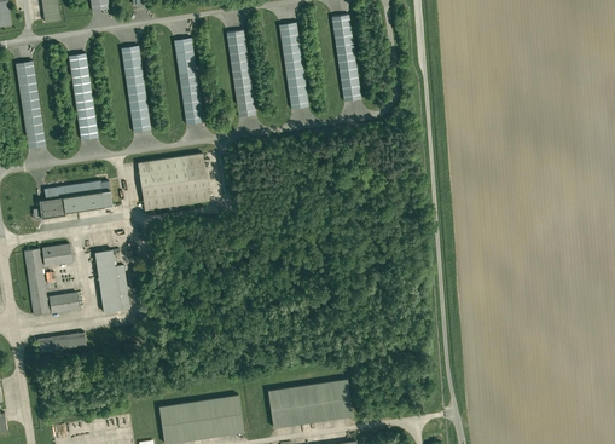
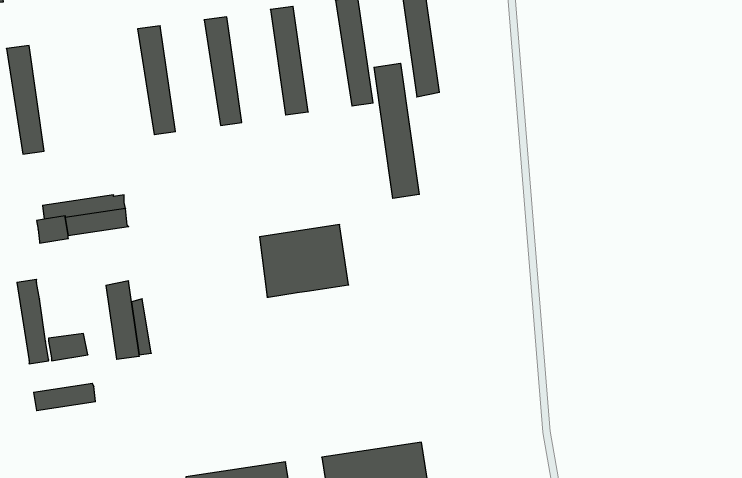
building: [68,53,98,140] -> none
building: none -> [374,63,419,198]
building: [138,152,209,211] -> [260,225,349,297]
building: [41,243,72,266] -> none

